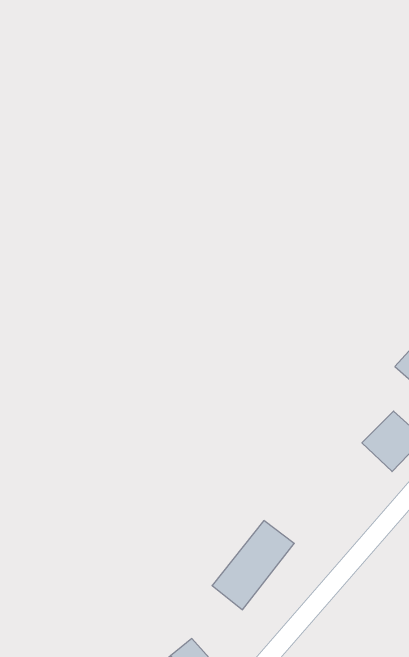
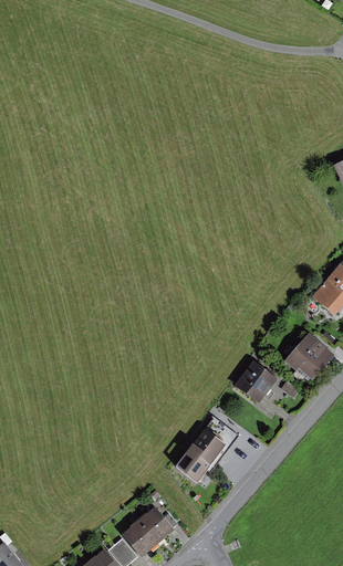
building: none -> [239,361,276,399]

